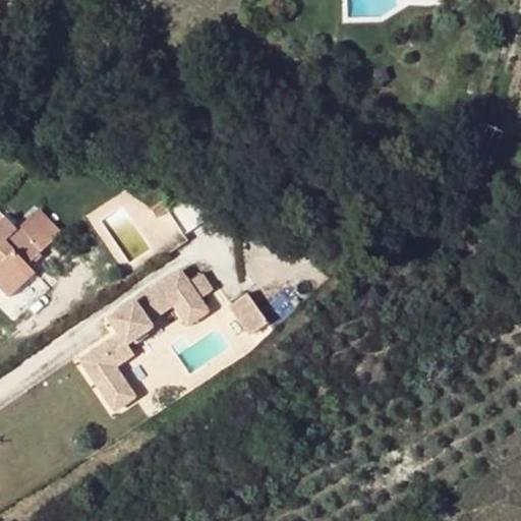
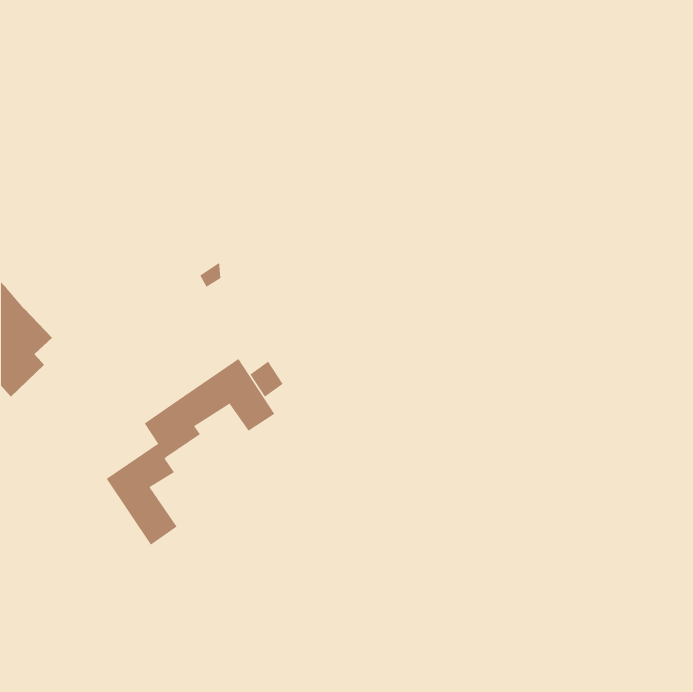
building: [18,211,60,253] -> none
building: [228,292,267,334] -> none

